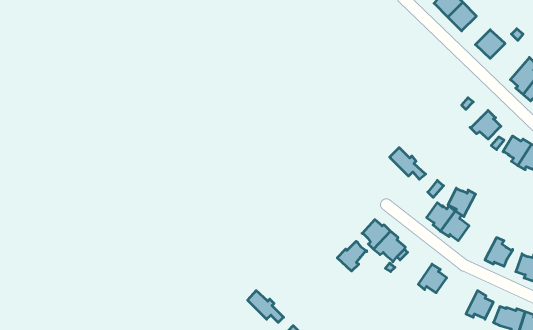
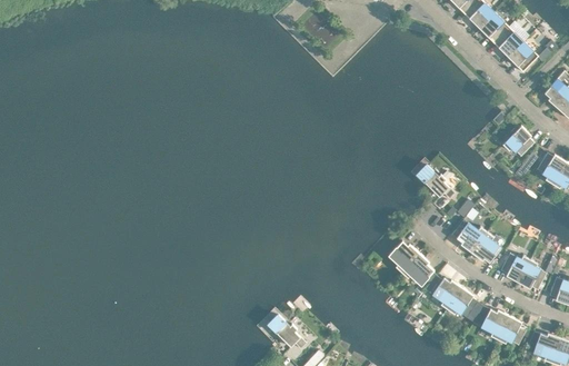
building: none -> [492,27,522,57]
building: [448,188,476,217] -> [500,253,529,283]
building: [337,241,367,271] -> none
building: none -> [431,277,461,308]
building: none -> [480,308,509,339]

